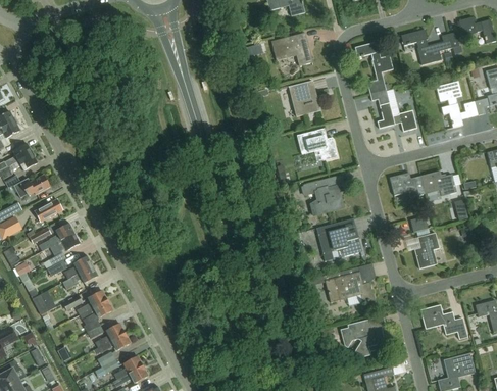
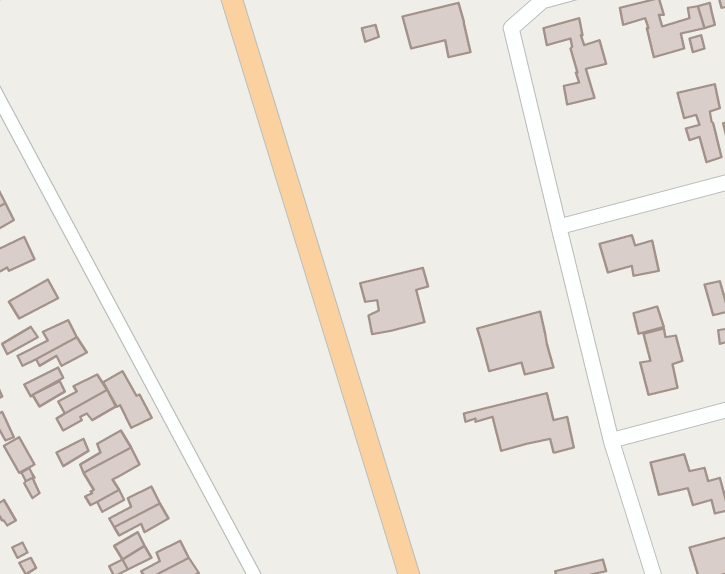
building: [288,81,319,116] -> none
building: [369,90,416,132] -> none
building: [296,128,337,160] -> none
building: [420,170,457,196] -> none
building: [303,175,344,214] -> [360,268,428,334]
building: none -> [103,371,152,428]
building: [339,317,386,356] -> none

